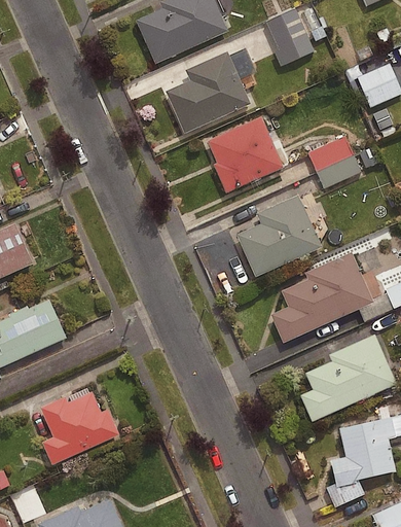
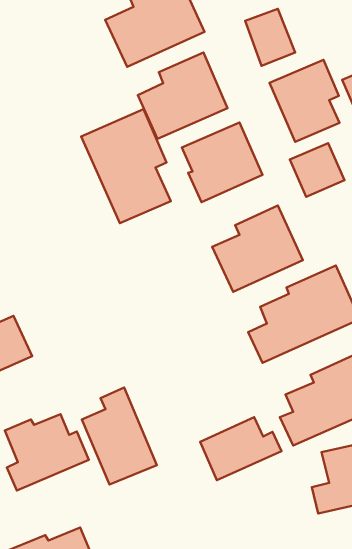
building: none -> [270,60,340,142]
building: none -> [81,109,171,223]
building: none -> [82,388,157,484]
building: none -> [200,417,282,480]

